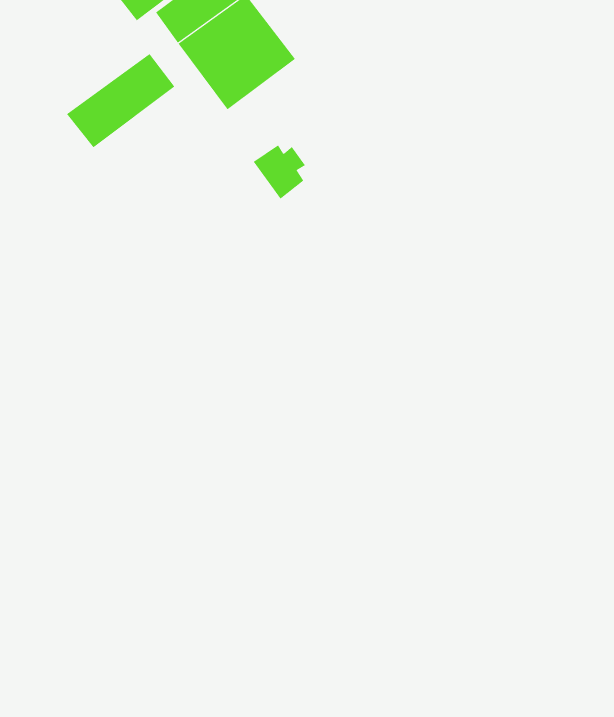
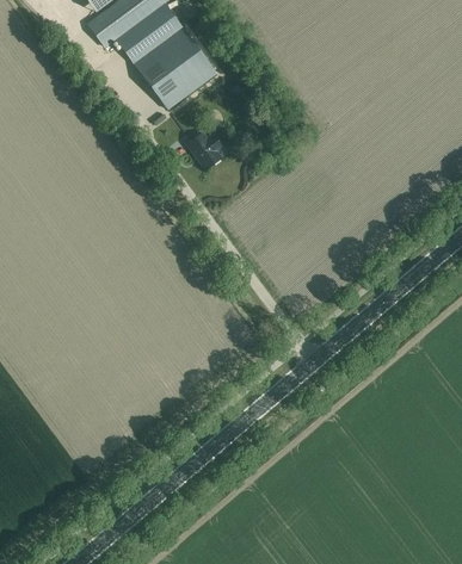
building: [66,53,175,148] -> none

